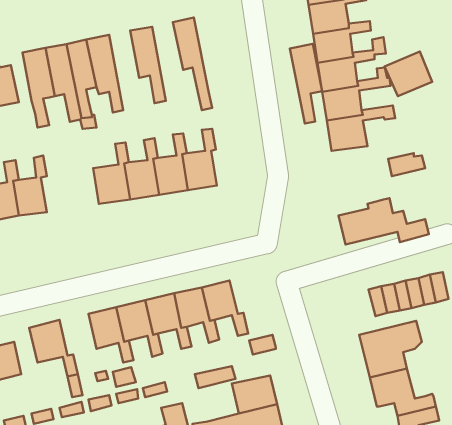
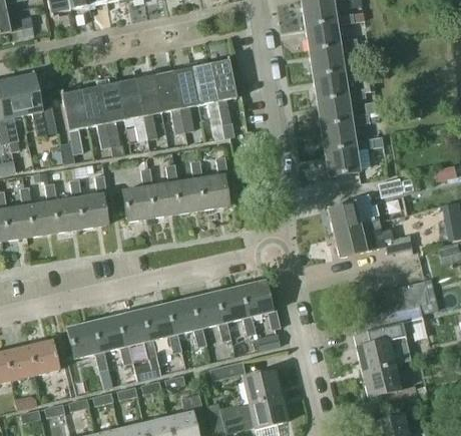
building: none -> [172,63,199,131]
building: none -> [135,70,161,139]
building: [290,44,322,124] -> [208,55,237,124]
building: [384,51,432,96] -> none
building: none -> [76,174,107,228]
building: none -> [328,192,373,231]
building: none -> [240,281,281,329]
building: none -> [92,316,132,365]

